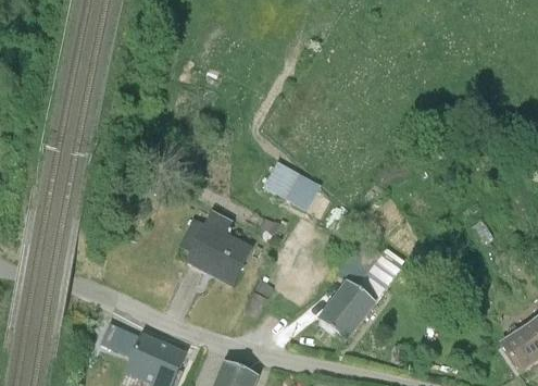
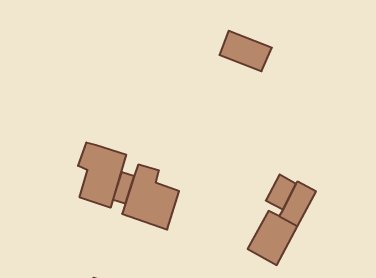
building: [263,160,322,210] -> [219,31,272,71]
building: none -> [78,142,126,208]

